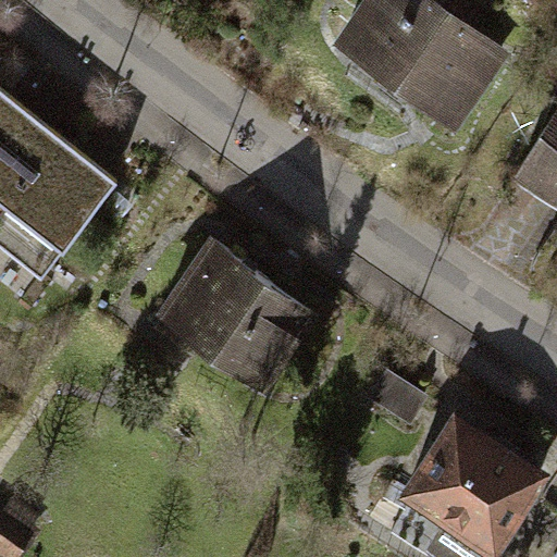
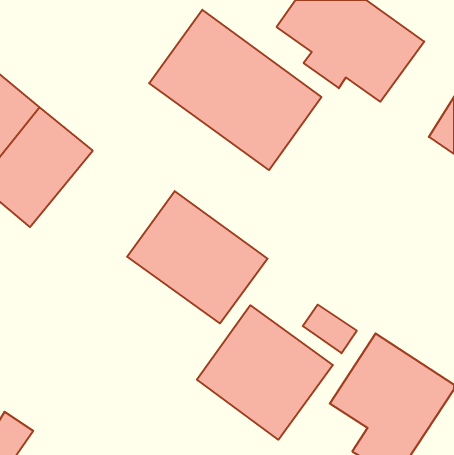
building: none -> [149,10,321,170]
building: none -> [197,305,333,440]

